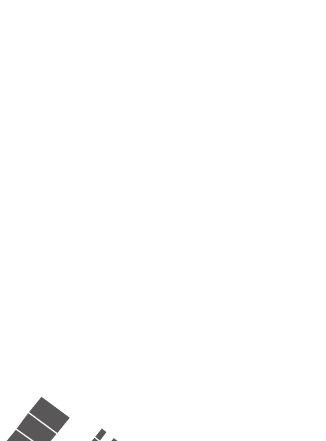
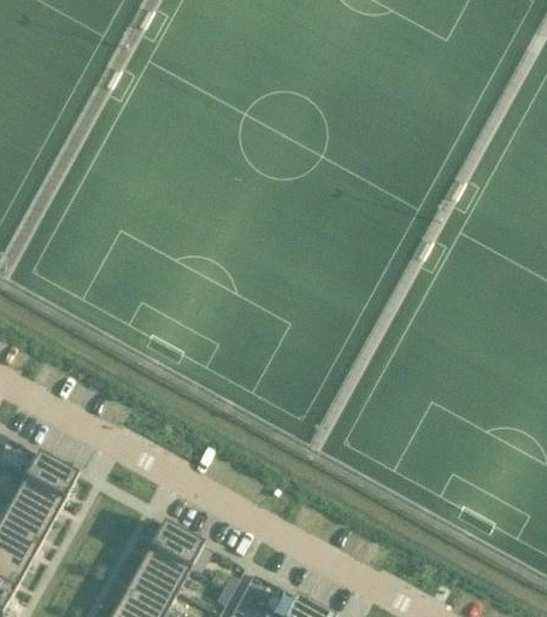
building: none -> [148,522,202,568]

